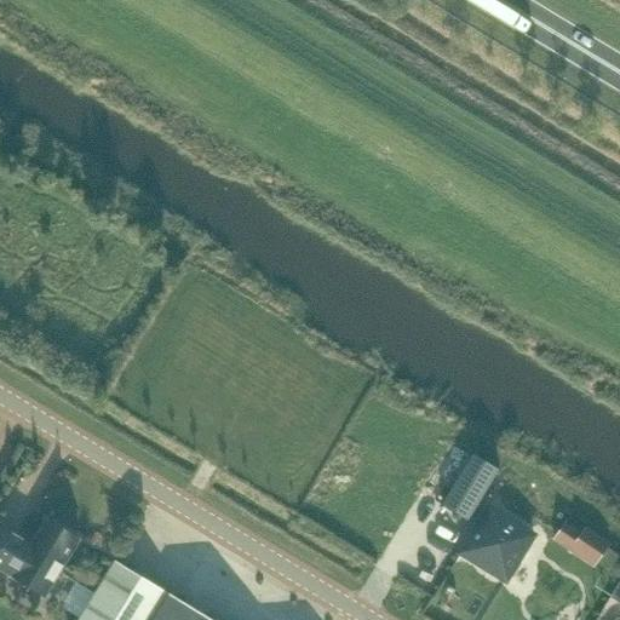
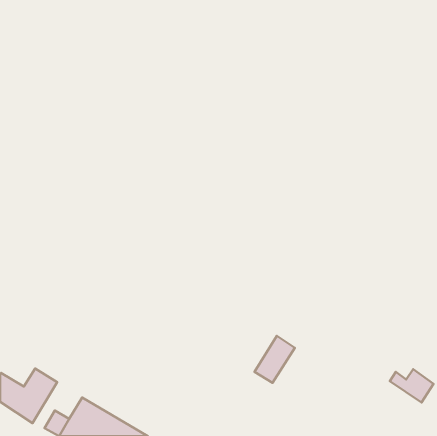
building: [442,453,499,519] -> [255,336,295,383]
building: [461,507,534,580] -> none

